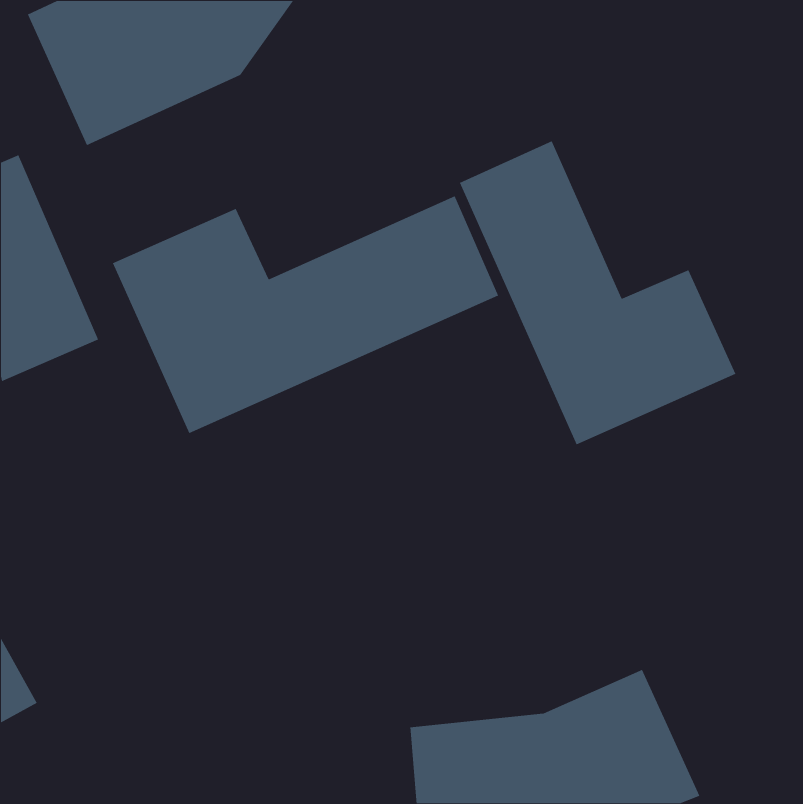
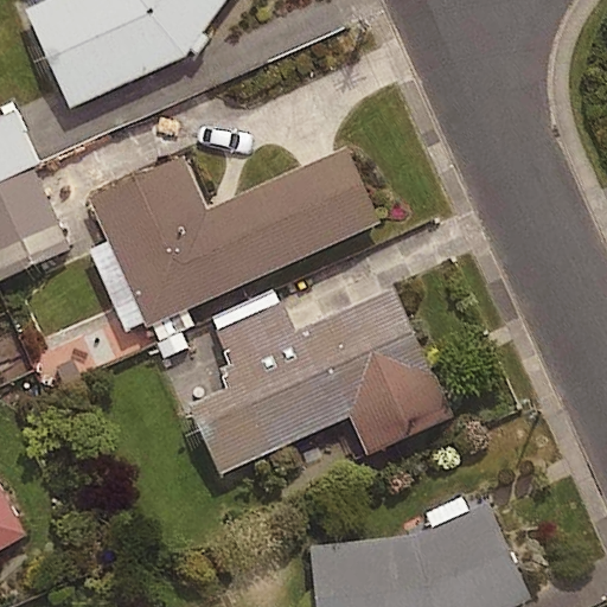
building: [459,140,736,445] -> none
building: none -> [186,286,451,477]

